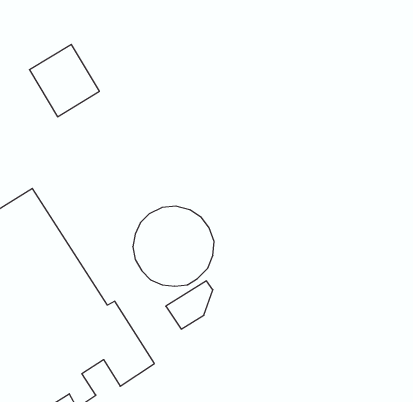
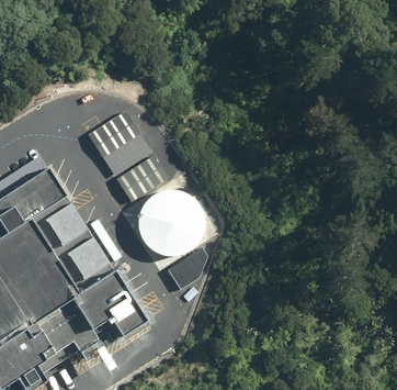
building: [29,44,99,117] -> [87,113,147,176]
building: none -> [113,156,168,203]

